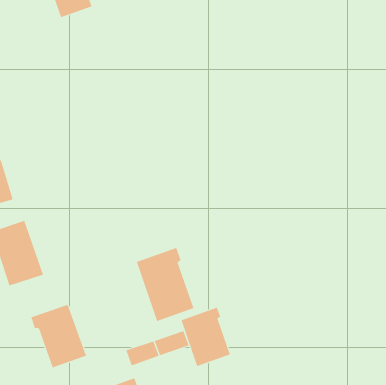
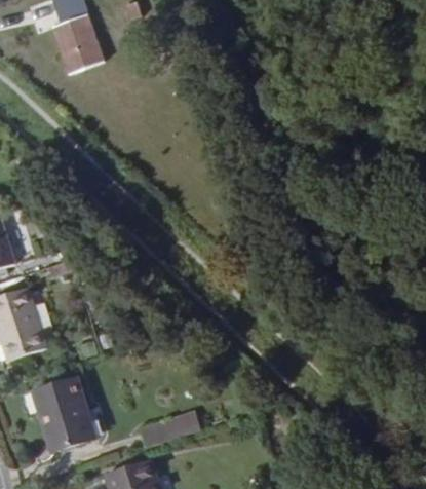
building: [136,247,194,322] -> none
building: [181,307,231,367] -> none

